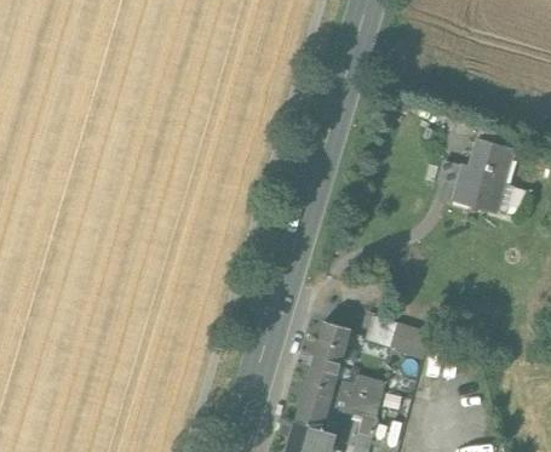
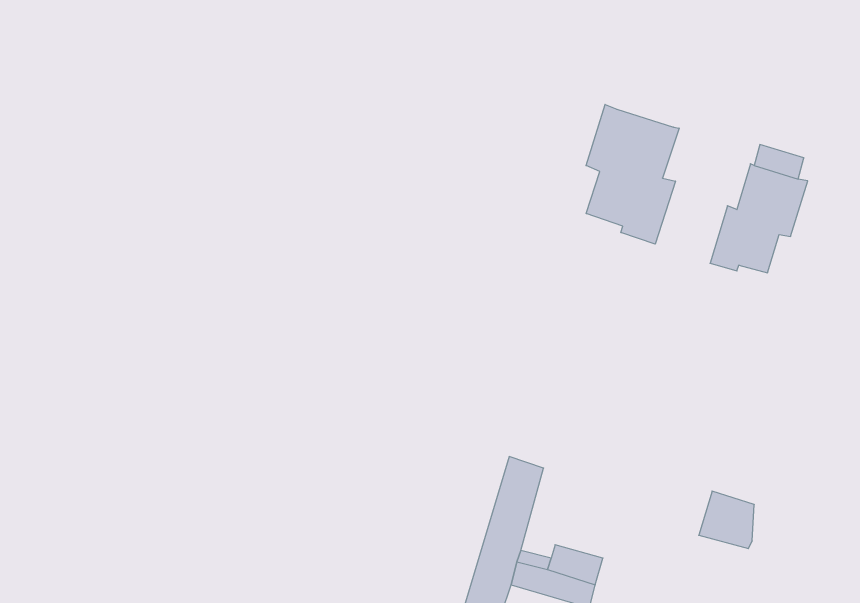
building: none -> [586,104,679,244]
building: [392,324,427,360] -> [699,491,754,549]

